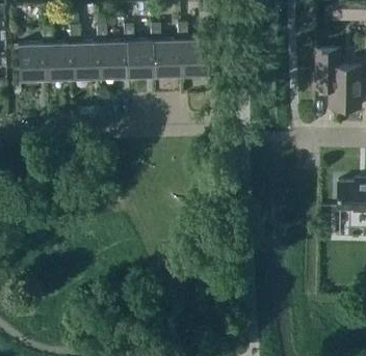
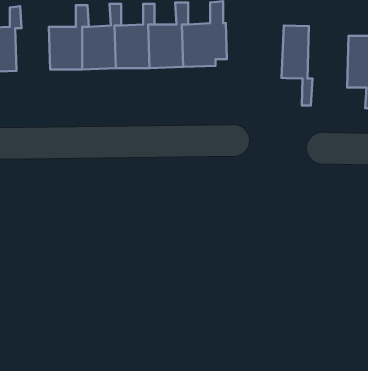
building: [47,27,79,79] -> none
building: none -> [282,26,313,106]

